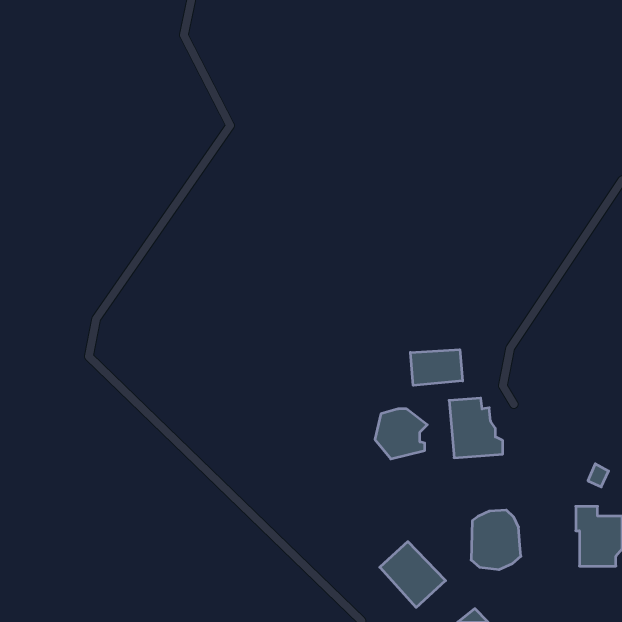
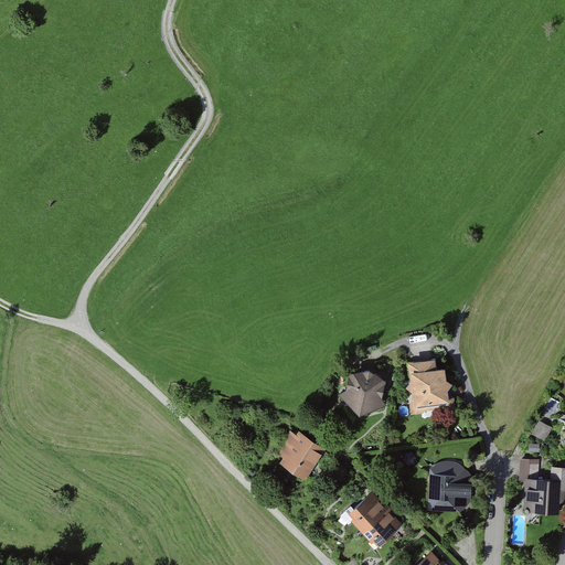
building: [410,350,463,385] -> none
building: none -> [277,430,326,480]

